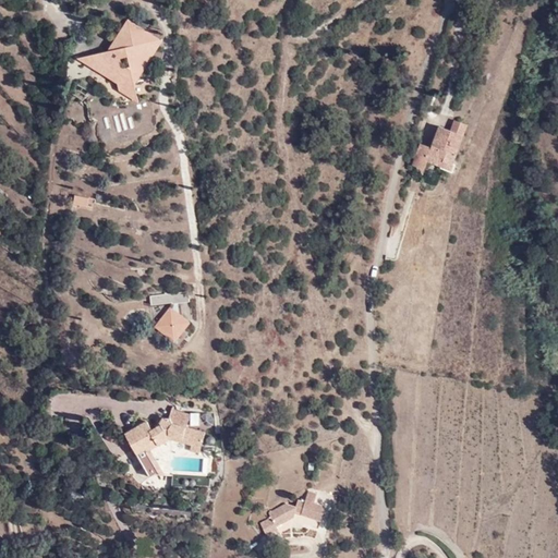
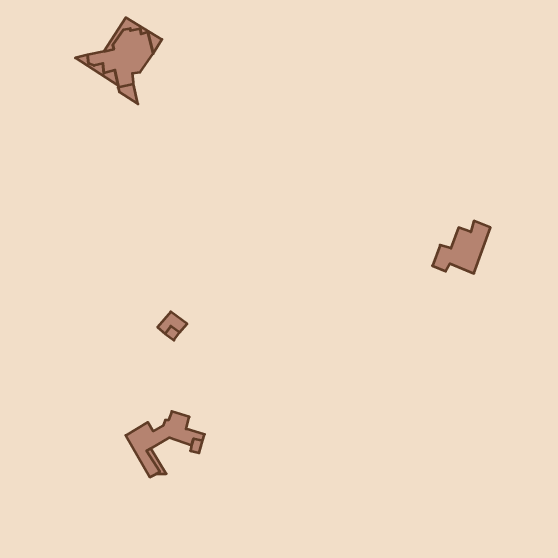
building: [409,118,466,170] -> [432,221,490,273]
building: [257,493,324,537] -> none

